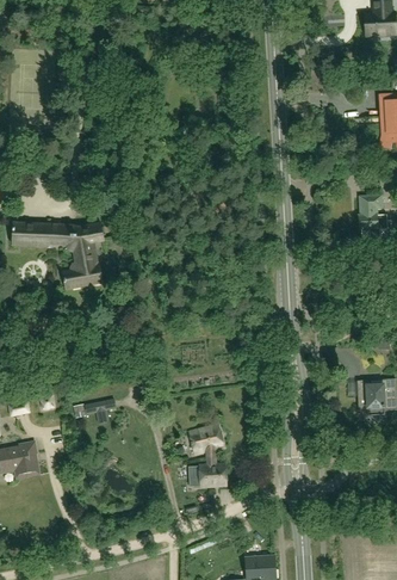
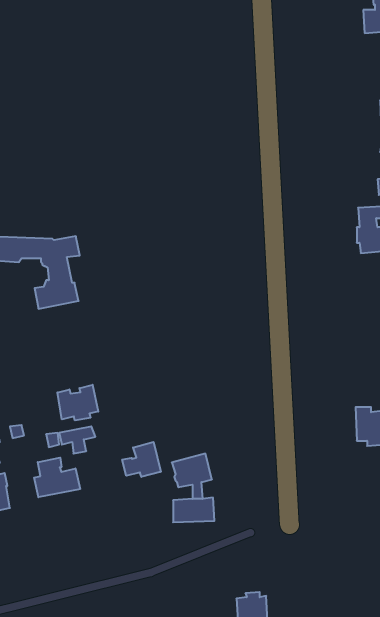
building: none -> [57,385,98,420]
building: none -> [122,442,161,477]
building: none -> [34,458,80,497]

